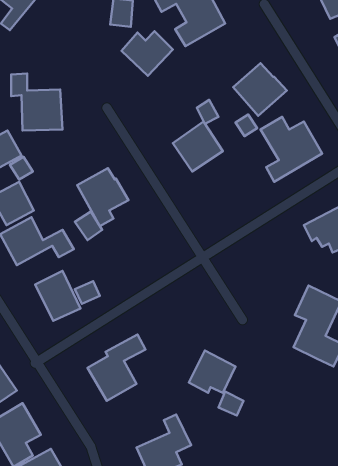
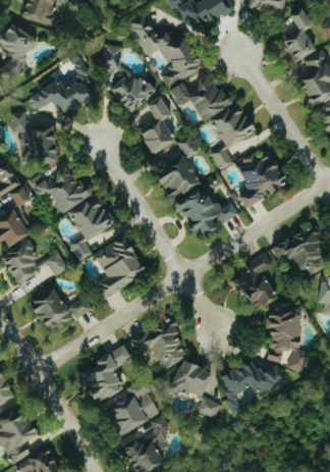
building: none -> [30,62,96,113]
building: none -> [170,73,235,120]
building: none -> [139,96,176,155]
building: none -> [28,166,94,212]
building: none -> [176,189,237,233]
building: none -> [94,234,148,299]
building: none -> [230,254,277,309]
building: none -> [130,318,190,369]
building: none -> [218,361,283,412]
building: none -> [108,378,159,433]

